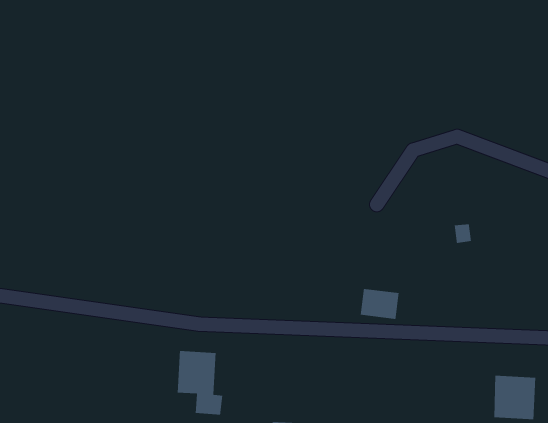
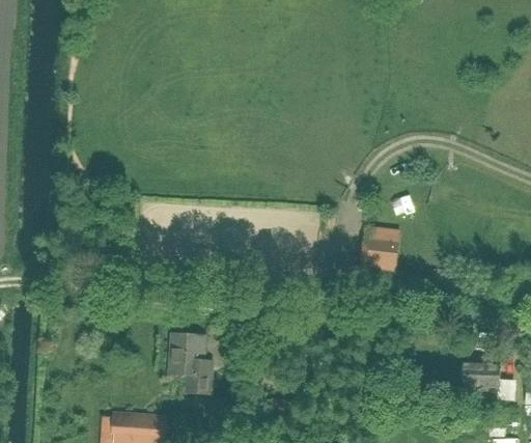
building: [360,288,399,320] -> [363,239,399,268]

